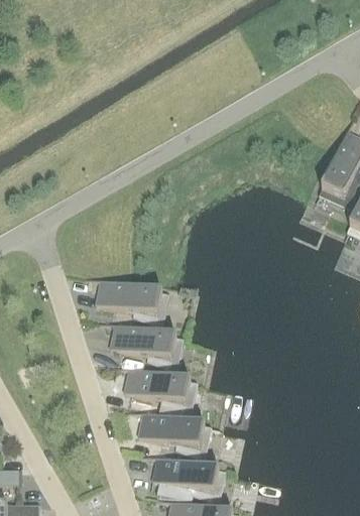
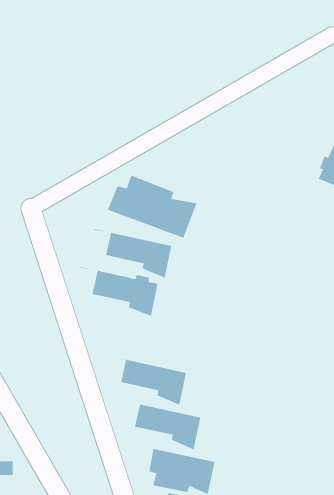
building: none -> [86,174,197,239]
building: [98,318,176,369] -> [93,228,172,279]

